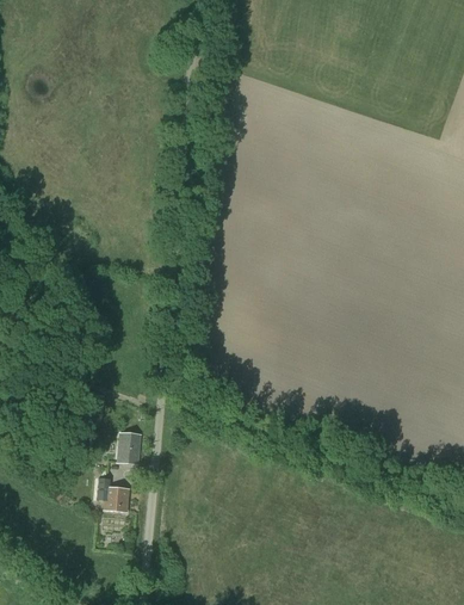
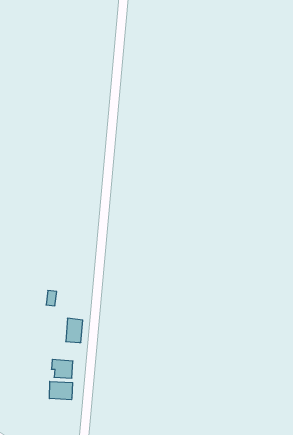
building: none -> [49,381,73,400]

